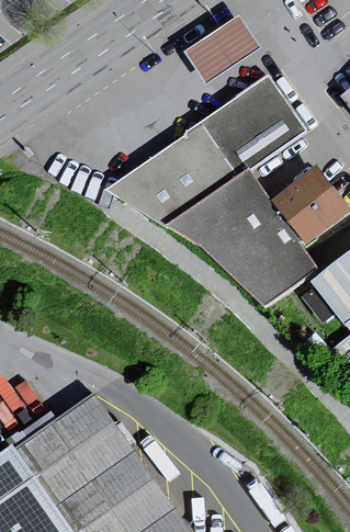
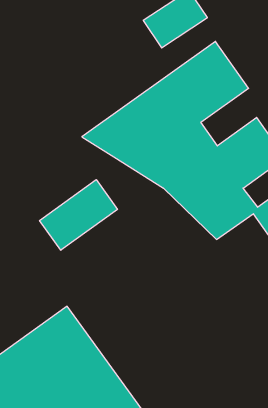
building: none -> [40,180,117,250]

